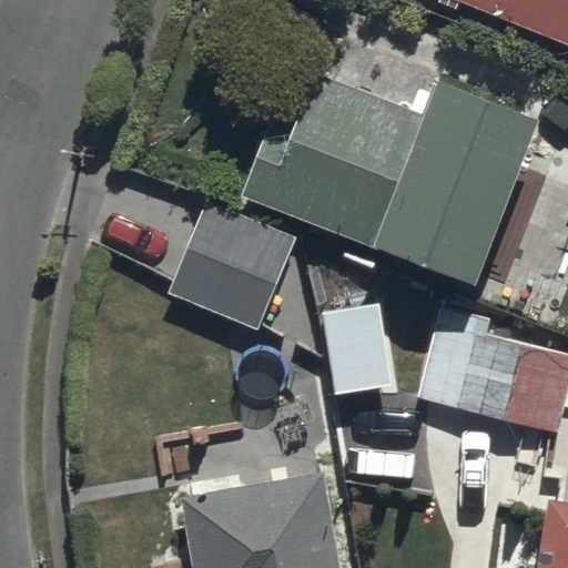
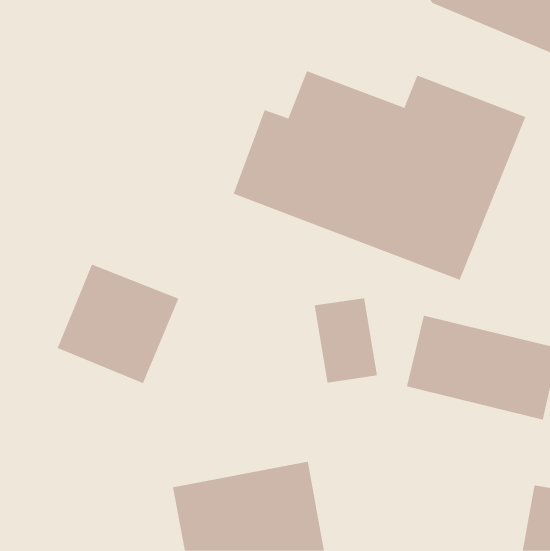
building: [170,203,295,326] -> [57,264,179,384]

